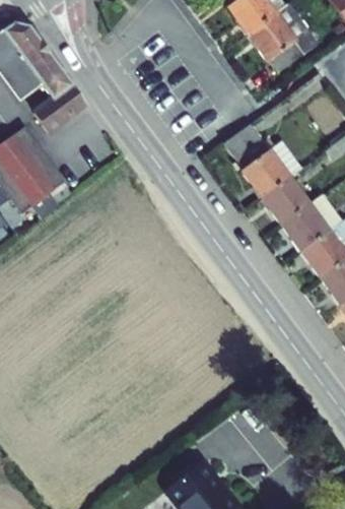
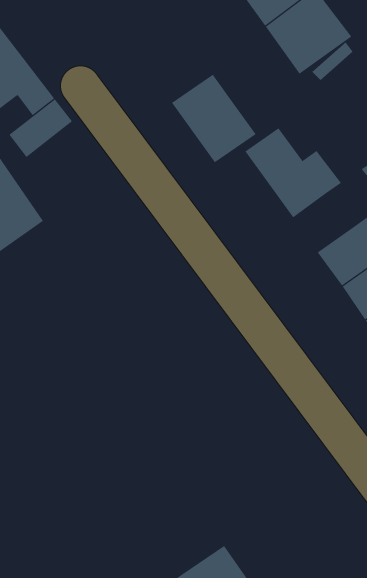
building: none -> [171,74,257,163]
building: [261,166,307,212] -> none

